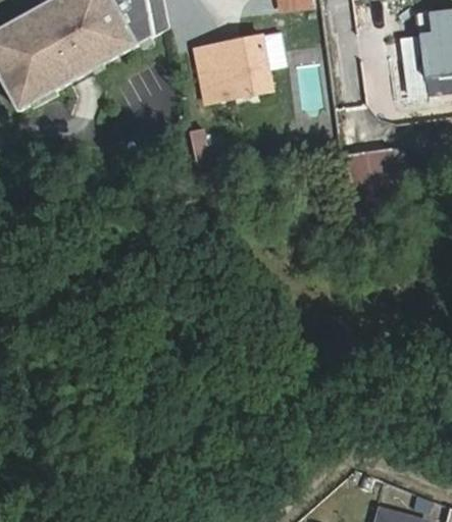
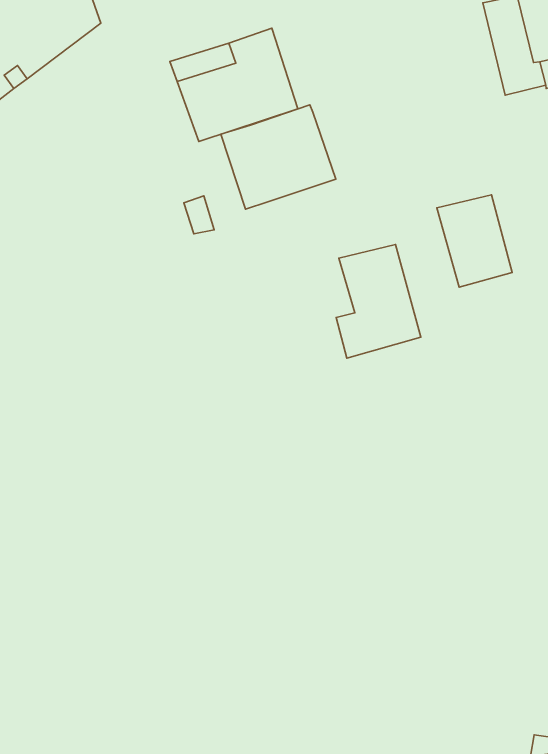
building: none -> [221,105,336,209]
building: none -> [336,244,421,358]

